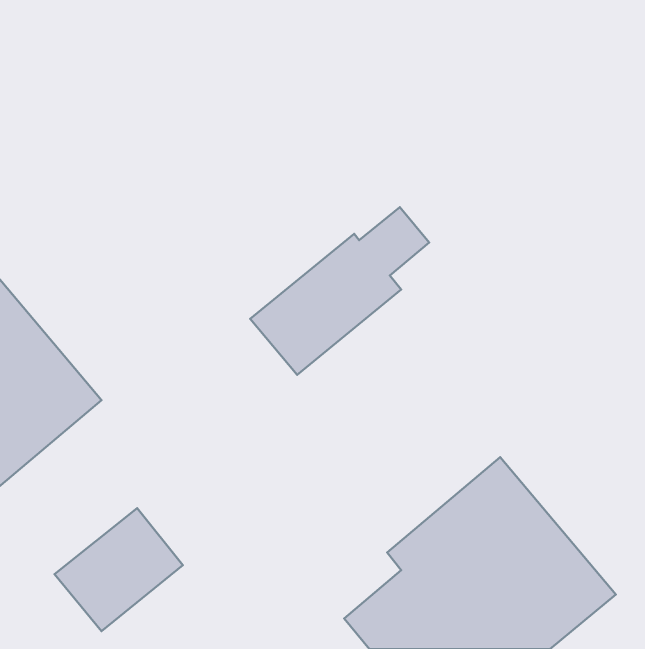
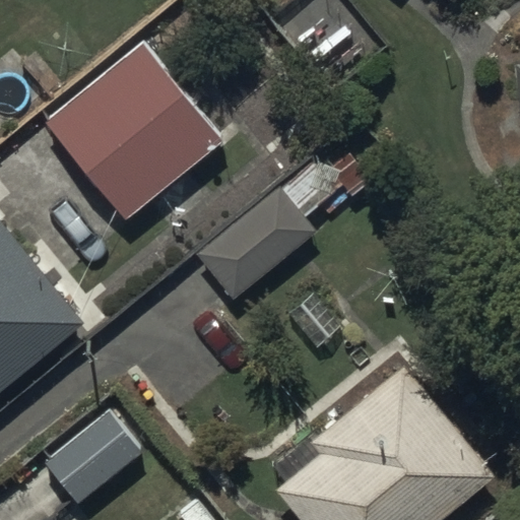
building: none -> [41,39,221,219]

